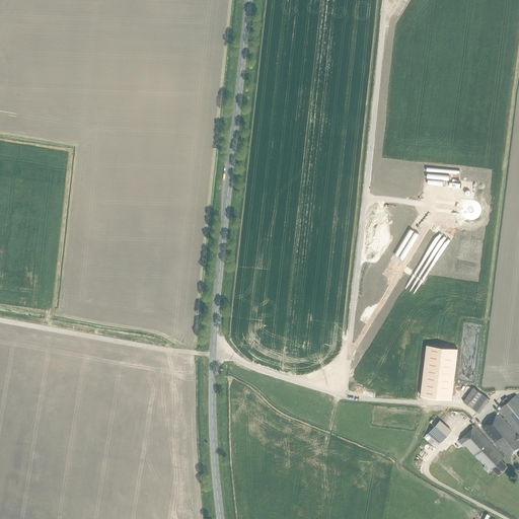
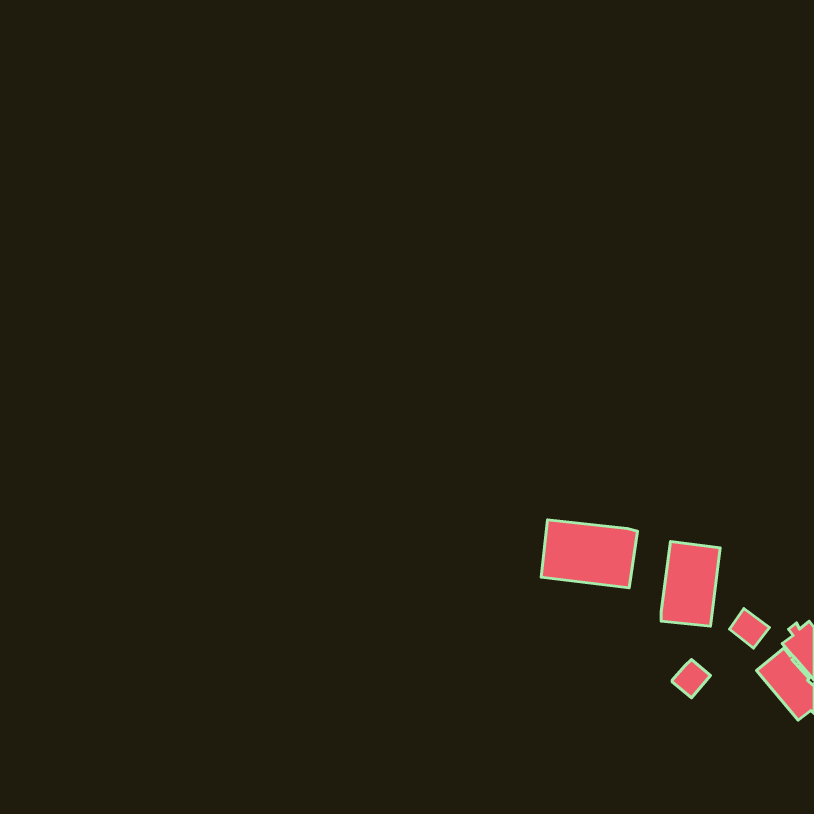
building: none -> [541,520,638,588]
building: [459,425,507,474] -> none

